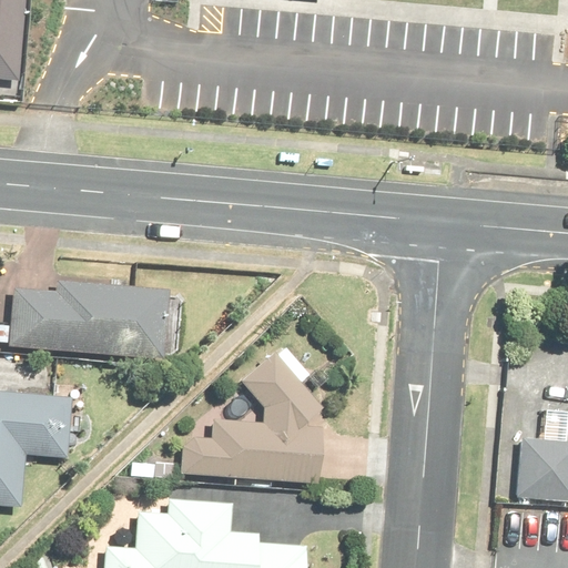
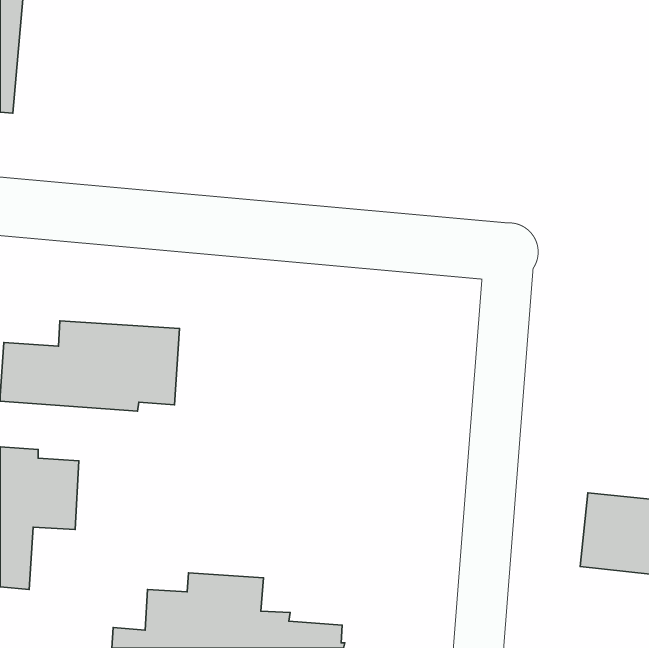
building: [190,354,325,481] -> none

